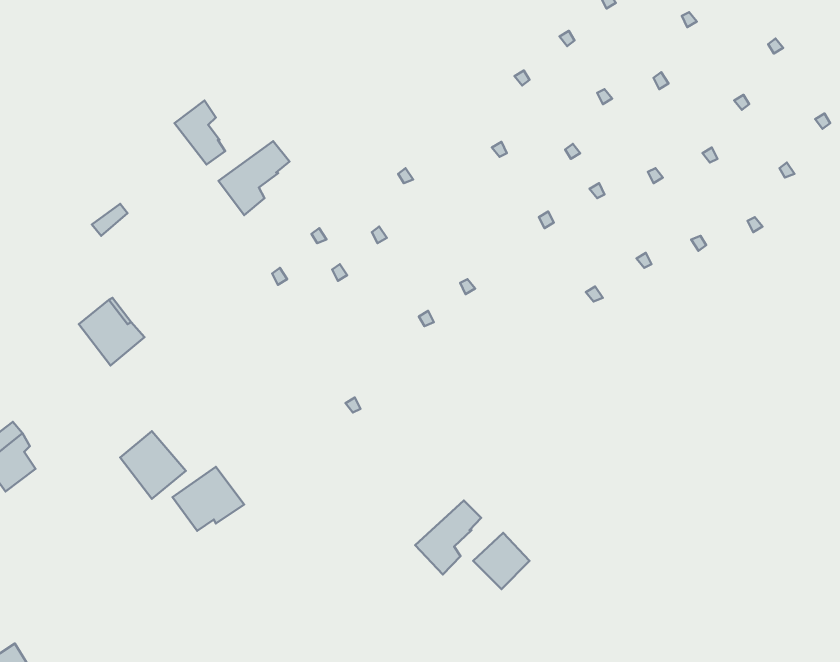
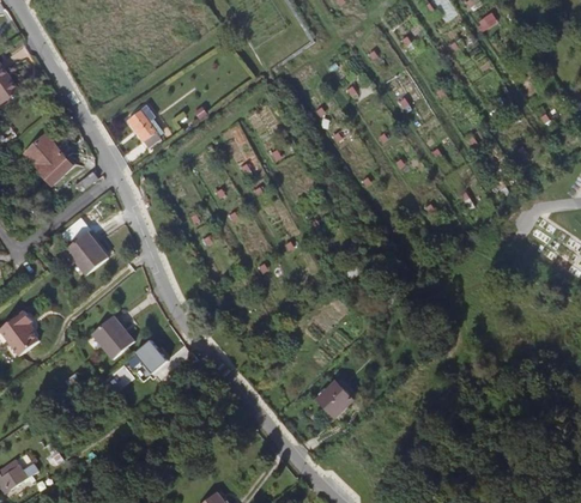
building: [219,141,289,215] -> none
building: none -> [24,134,73,186]
building: [415,501,481,574] -> none

